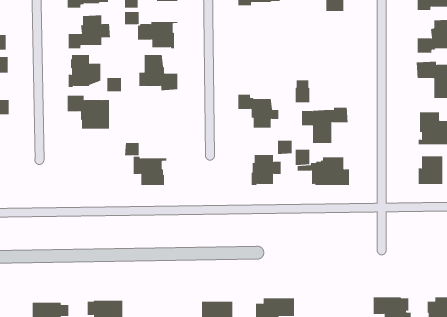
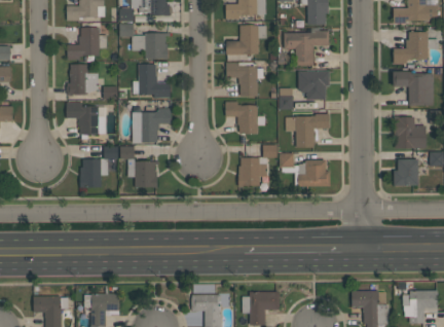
building: none -> [227,26,267,55]
building: none -> [284,31,329,66]
building: none -> [226,63,264,97]
building: none -> [299,71,330,101]
building: none -> [133,109,171,143]
building: none -> [80,159,109,188]

